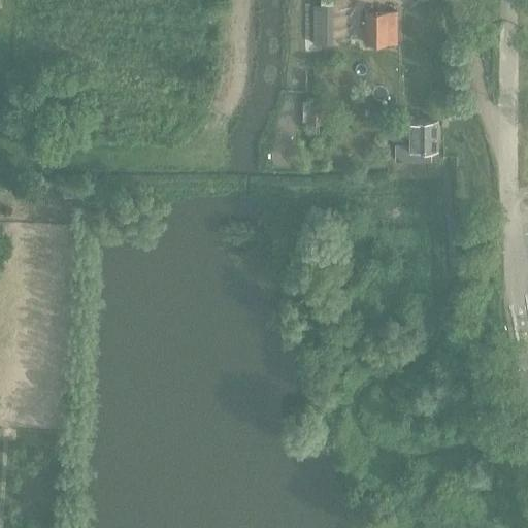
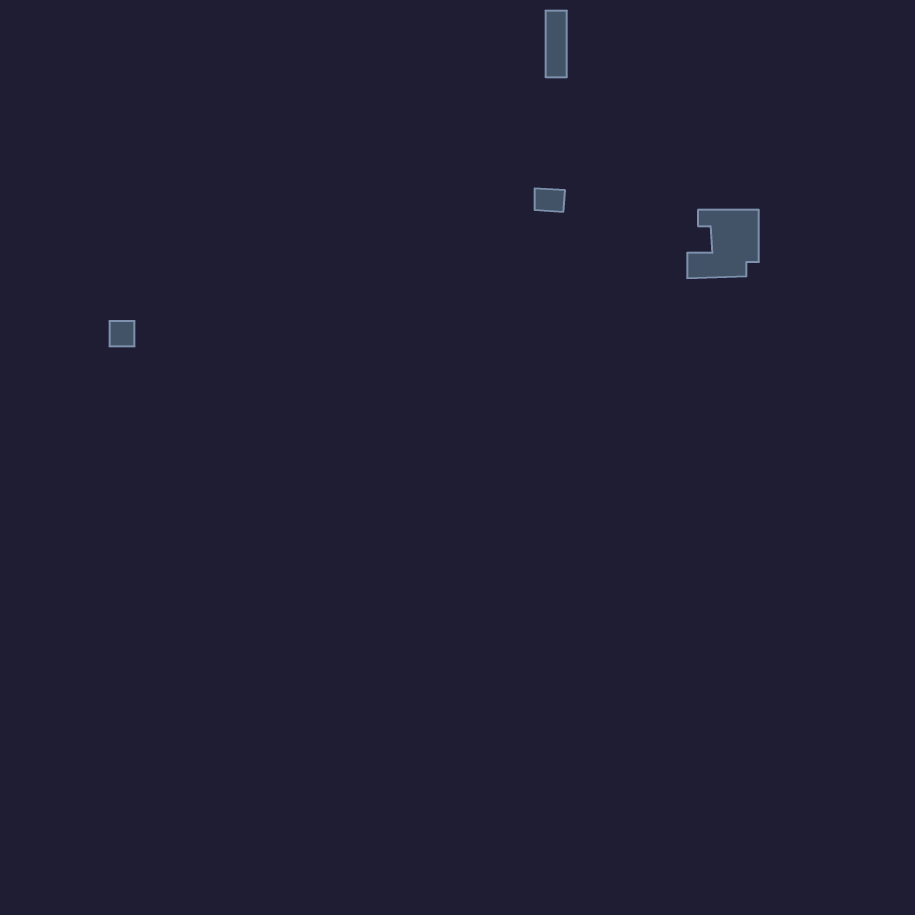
building: [365,12,396,46] -> none

